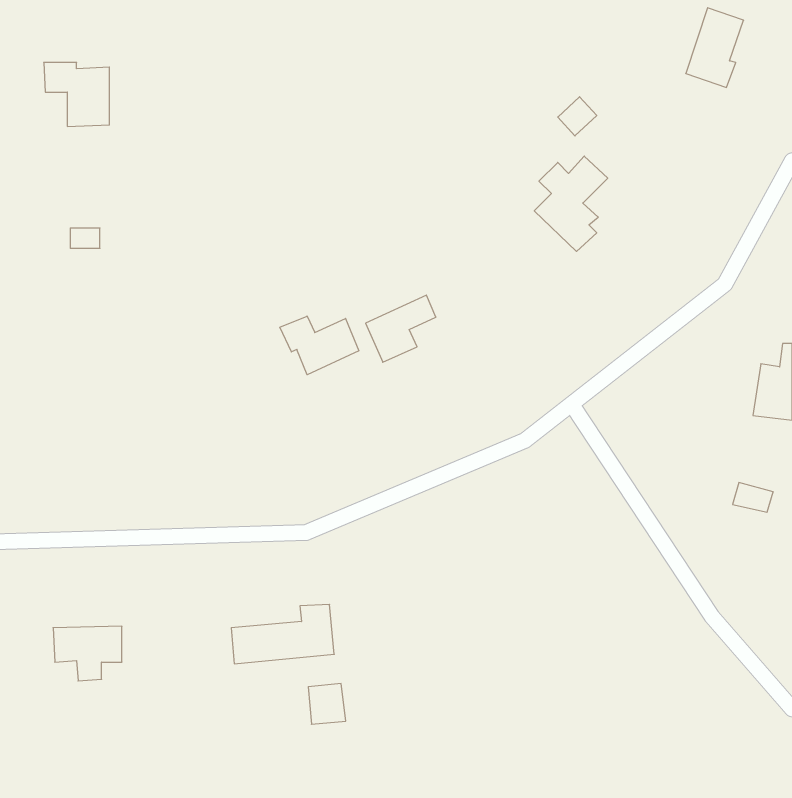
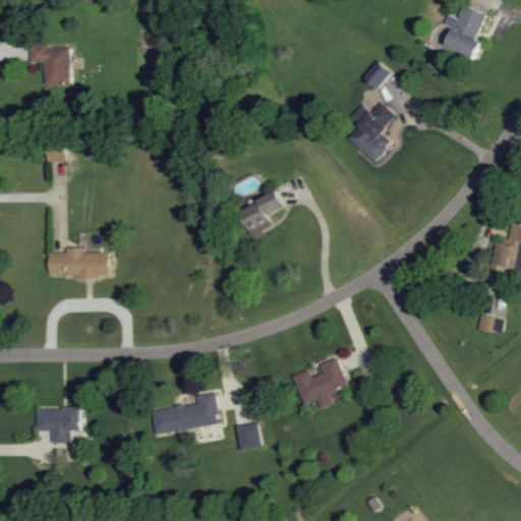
building: [280,316,359,375] -> none
building: none -> [48,250,109,277]
building: none -> [291,357,347,409]
building: [308,684,346,724] -> [236,423,260,450]

